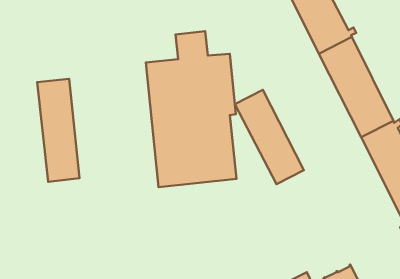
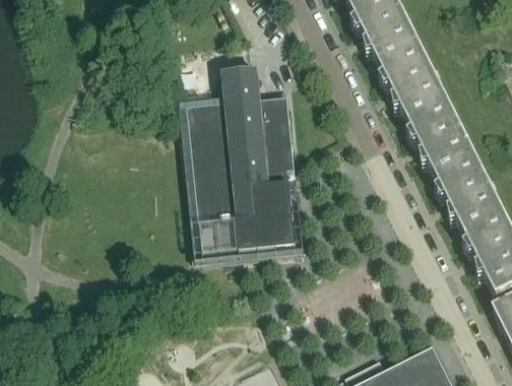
building: [37,79,79,182] -> none
building: [235,90,304,184] -> none

